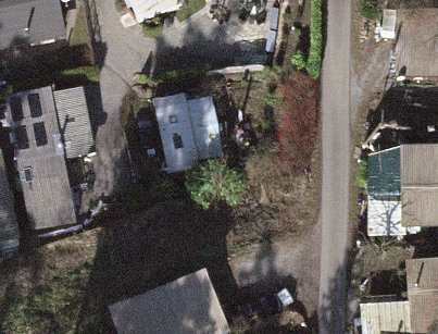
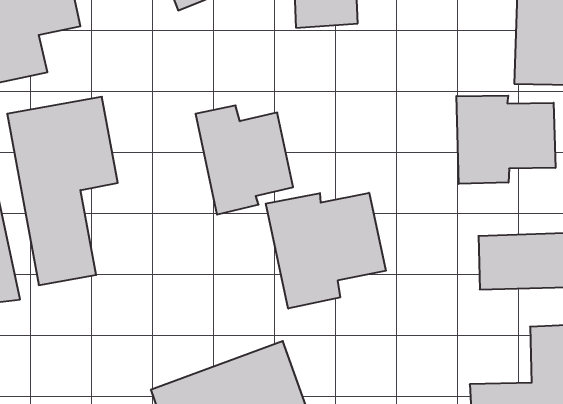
building: none -> [456,96,555,184]
building: none -> [266,193,386,309]

